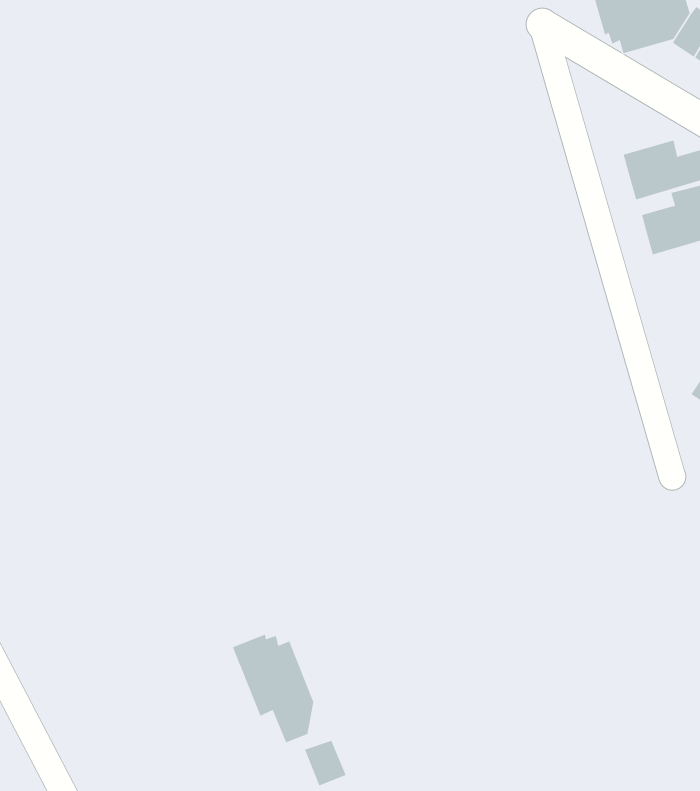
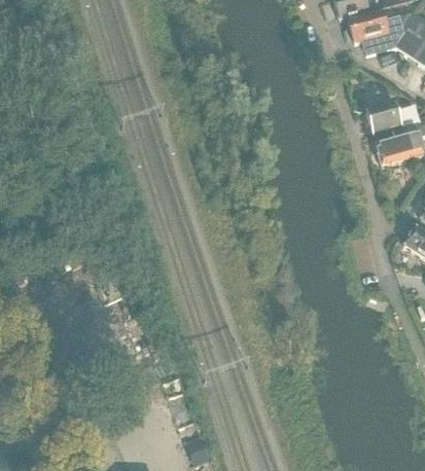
building: [232,634,314,743] -> none

